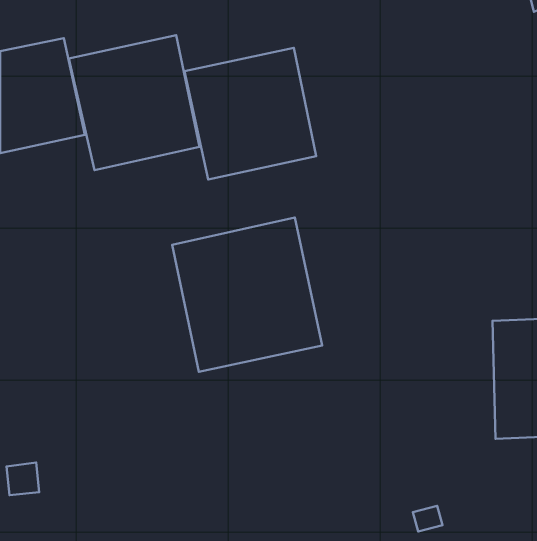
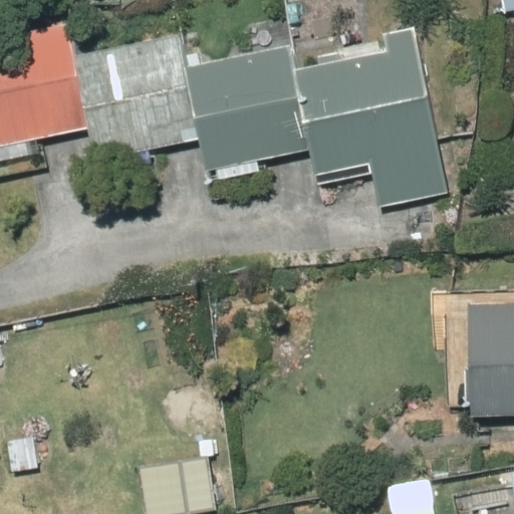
building: none -> [290,28,447,207]
building: [172,217,322,372] -> none

